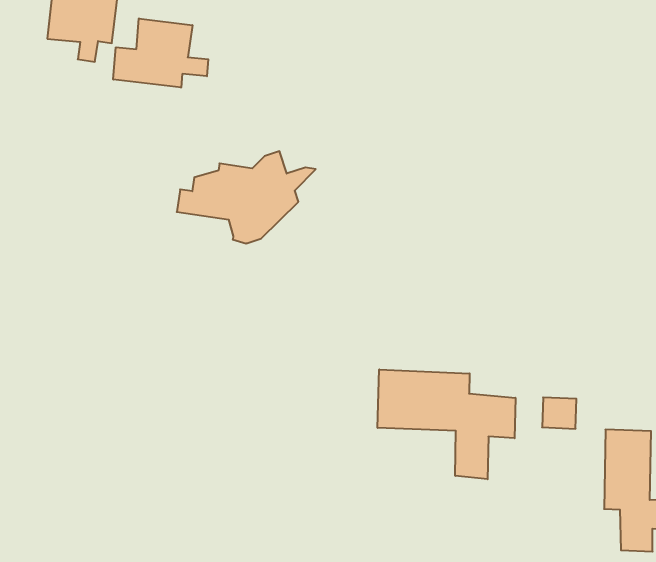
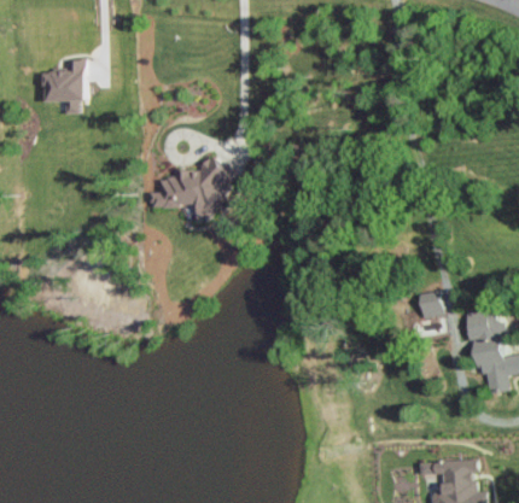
building: [113,18,208,88] -> none
building: [378,369,515,479] -> none

